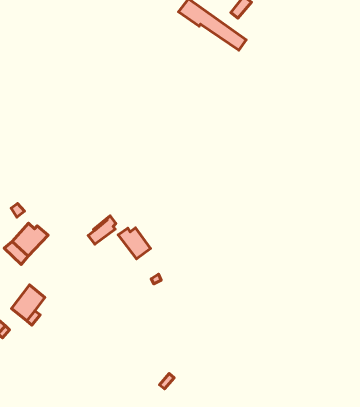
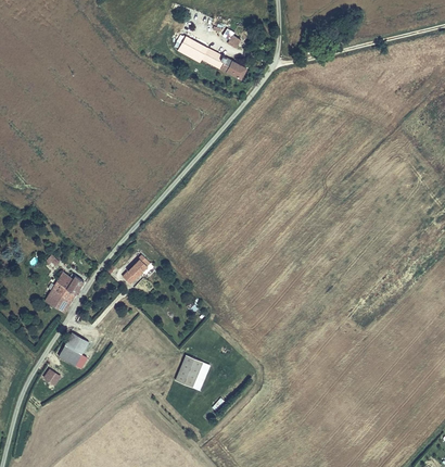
building: [118,228,150,259] -> none
building: none -> [175,354,203,387]

